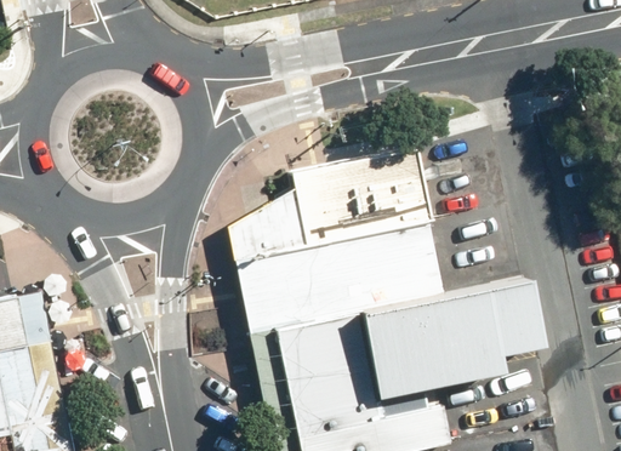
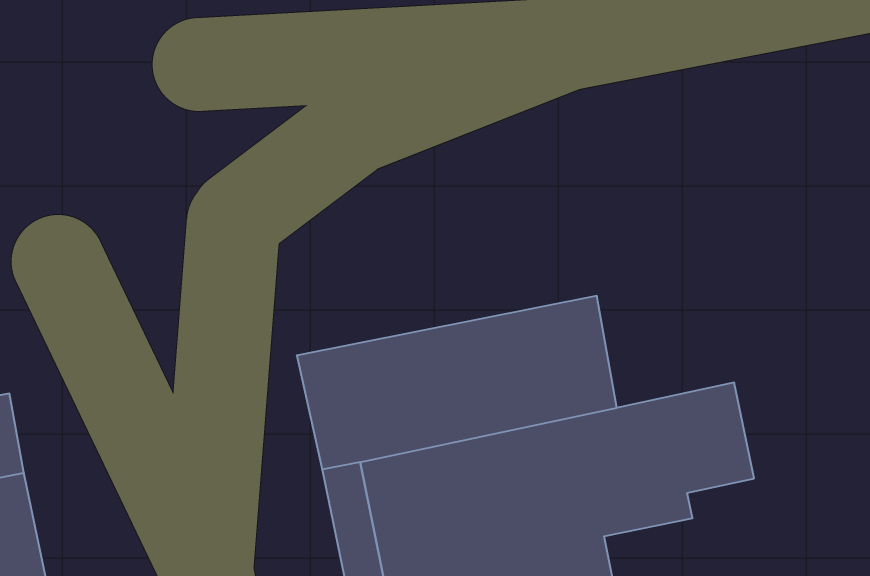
building: [222,148,431,267] -> none

